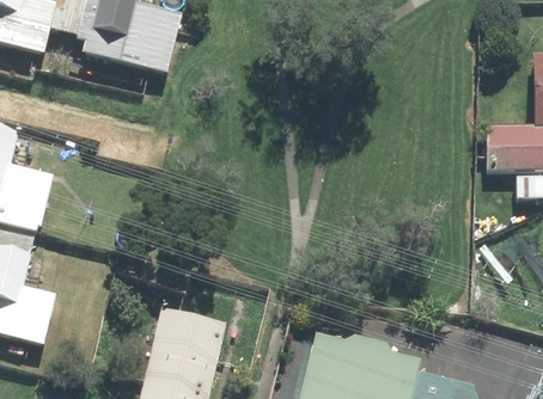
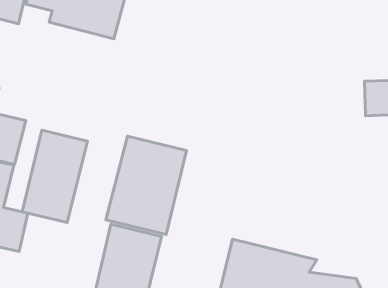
building: none -> [22,130,87,222]
building: none -> [106,136,187,234]

